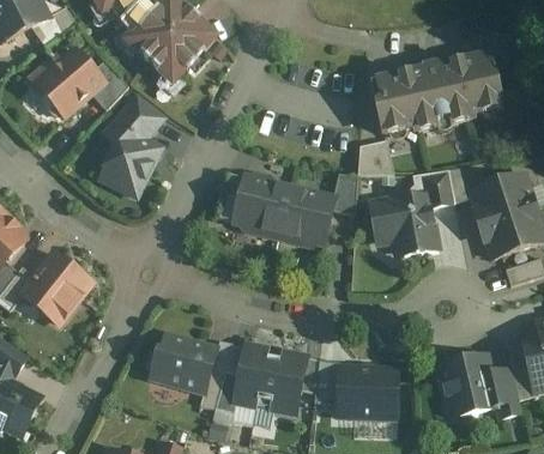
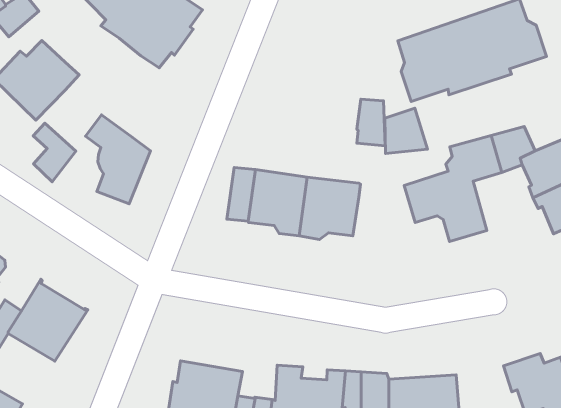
building: [91,60,128,110] -> [33,123,76,182]
building: [120,96,164,139] -> none
building: [331,172,357,214] -> [357,99,385,146]

